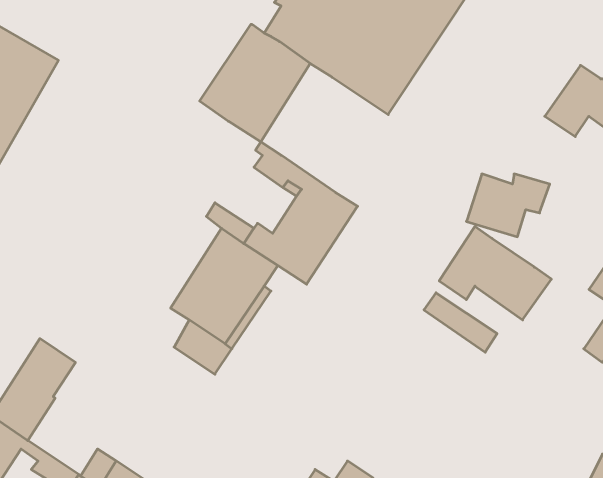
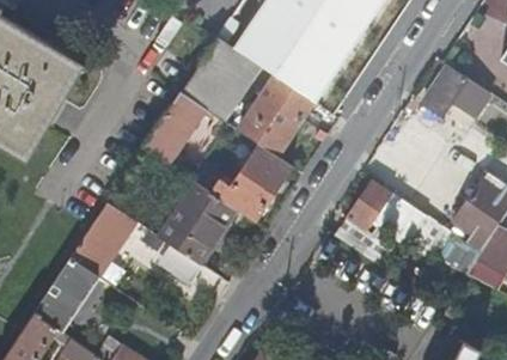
building: none -> [238,75,313,157]
building: none -> [143,92,201,161]
building: none -> [68,202,134,277]

